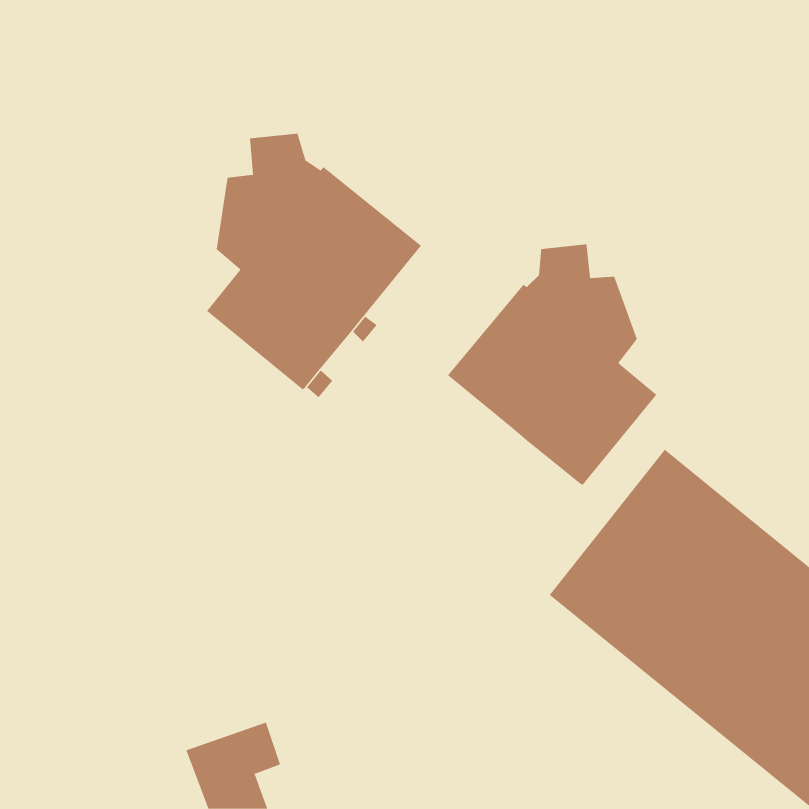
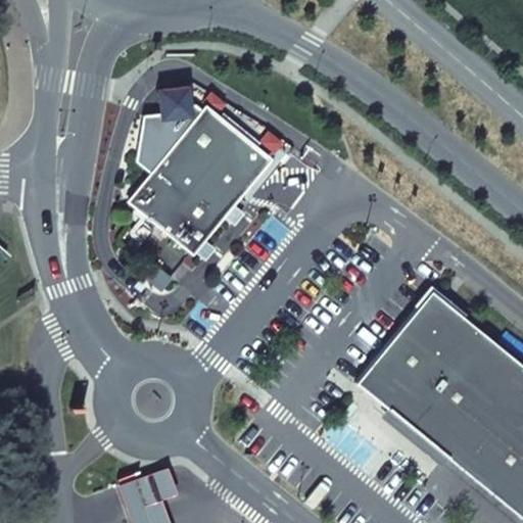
building: [447,243,657,486] -> none

